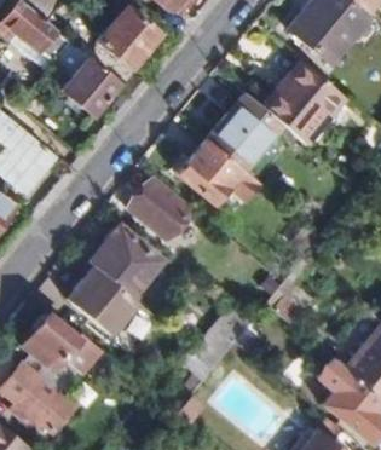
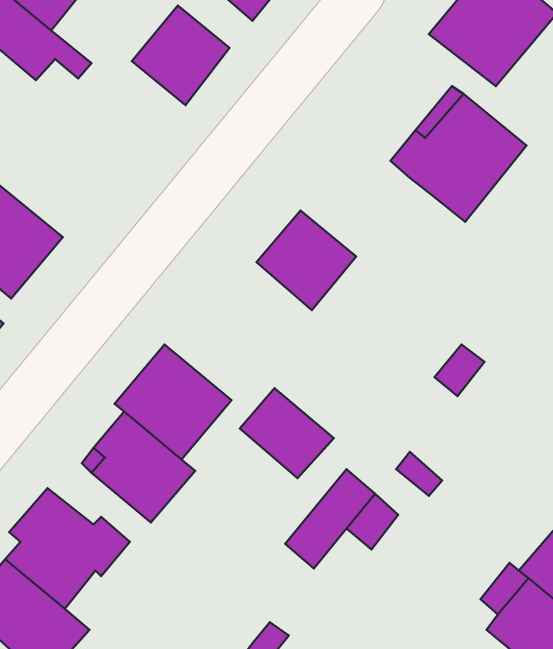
building: [64,46,122,117] -> none
building: [206,92,290,178] -> none
building: [131,179,190,236] -> [240,388,334,478]

